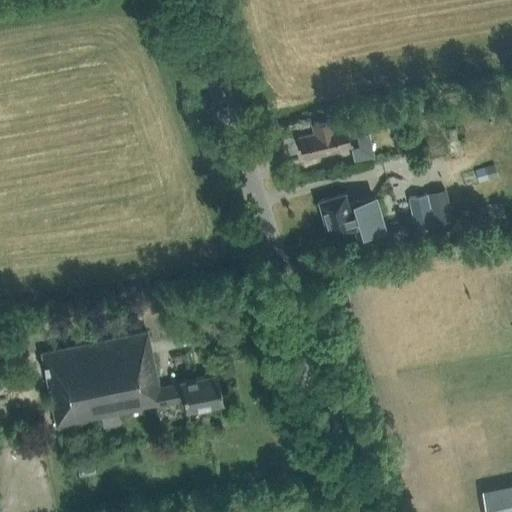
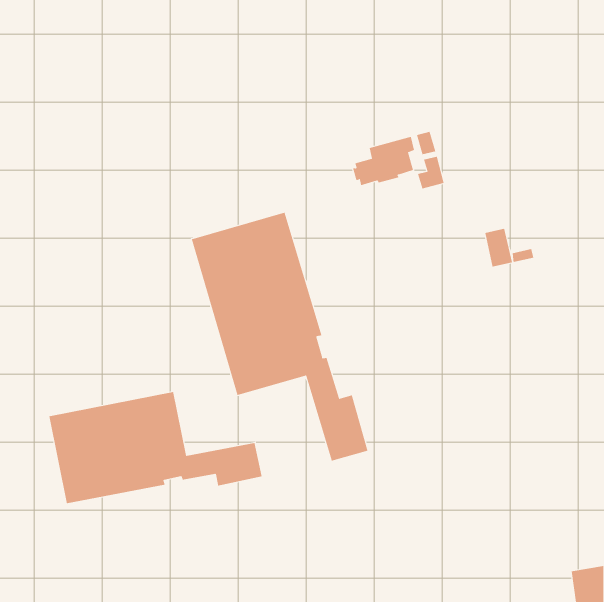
building: none -> [191,212,368,462]
building: [318,194,410,247] -> none

